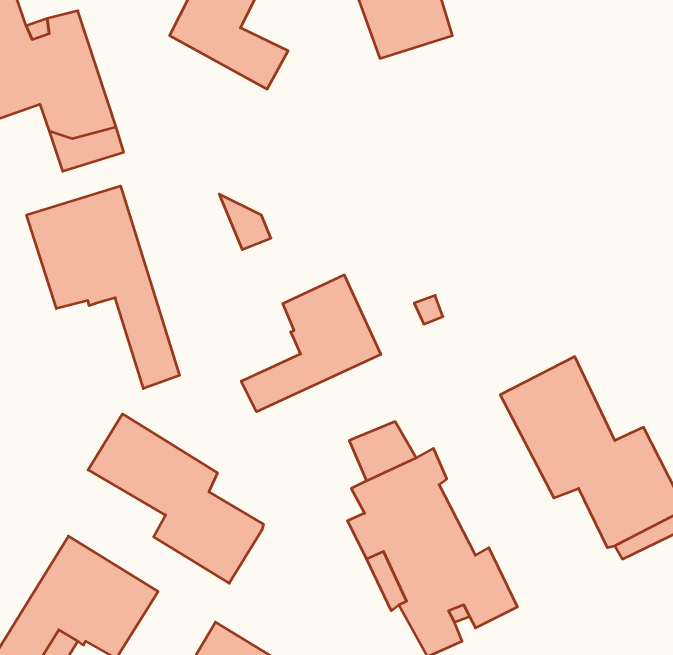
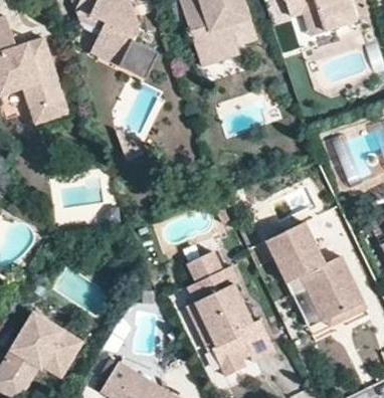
building: [27,186,180,389] -> none
building: [241,275,381,412] -> none
building: [88,414,263,583] -> none

